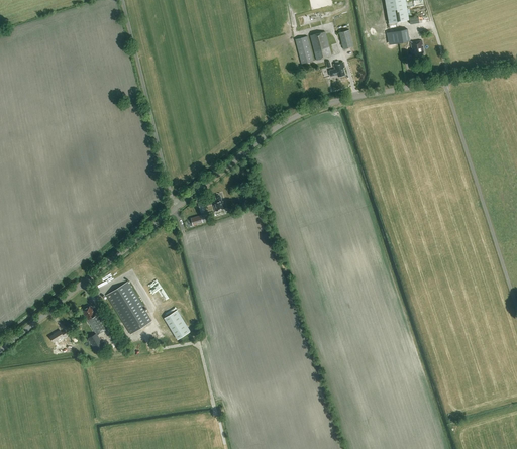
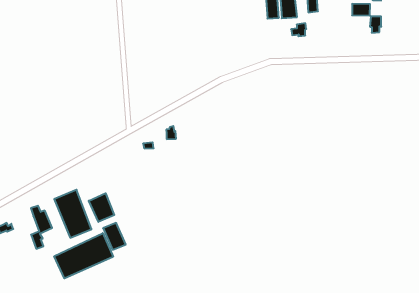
building: none -> [89,193,114,222]
building: none -> [54,233,113,278]

